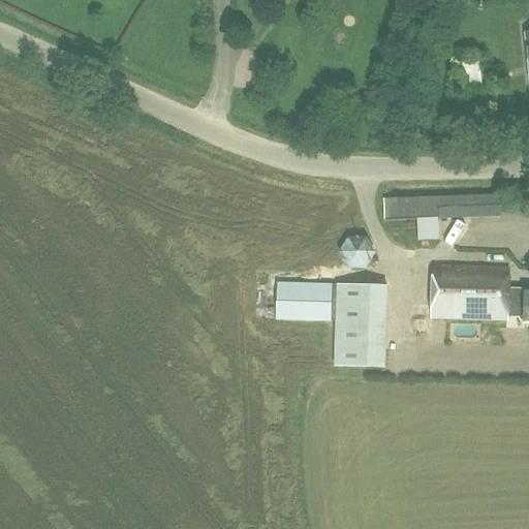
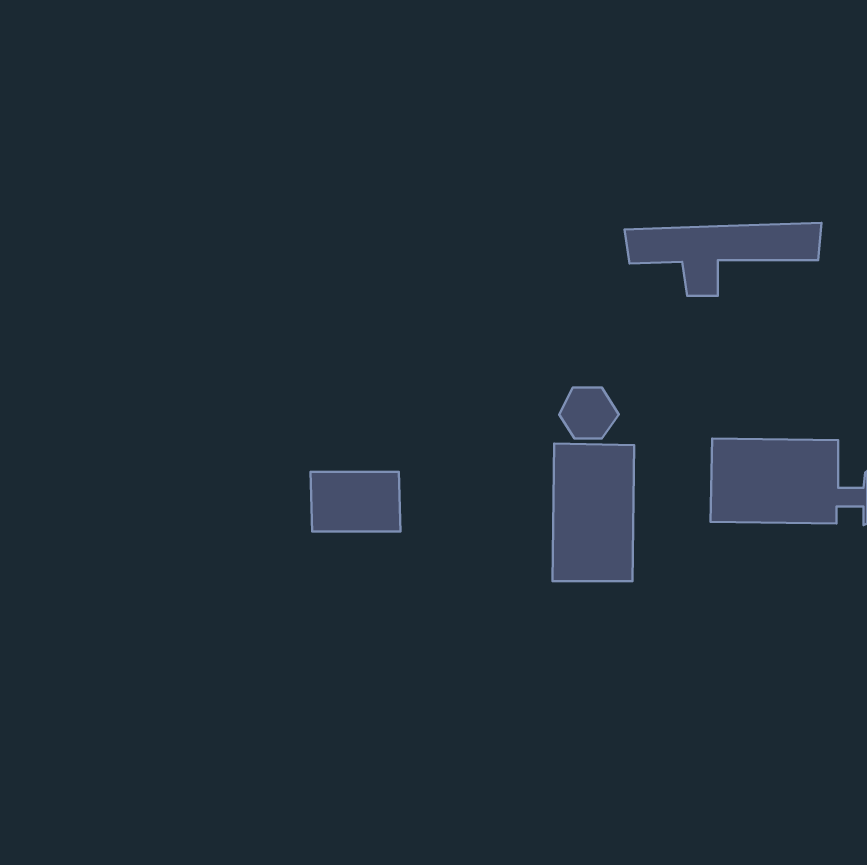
building: [381,193,501,238] -> [624,223,822,296]
building: [276,286,331,322] -> [310,472,400,531]

